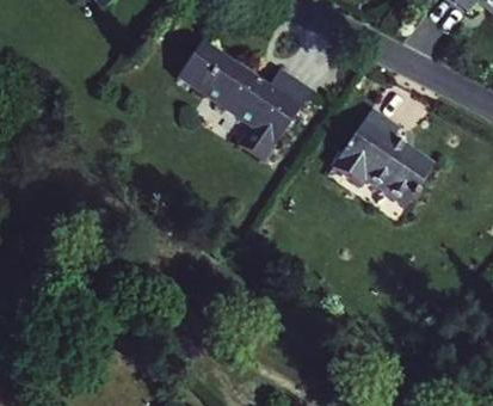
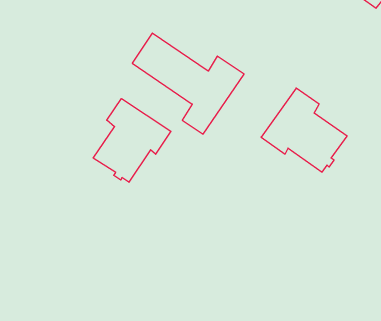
building: none -> [93,99,171,182]

